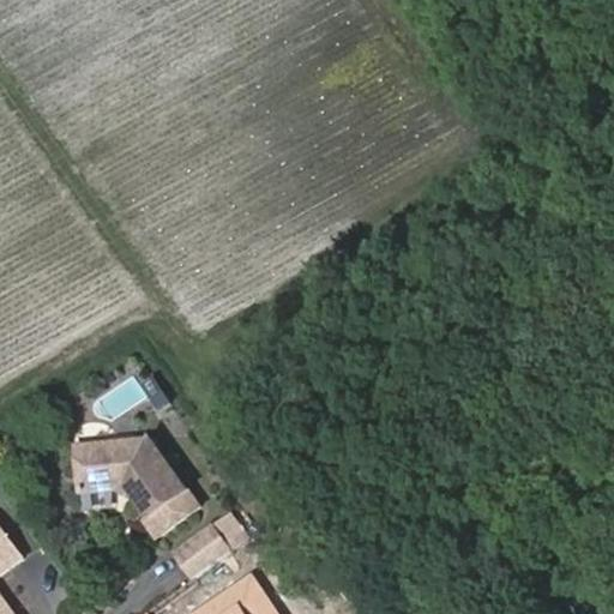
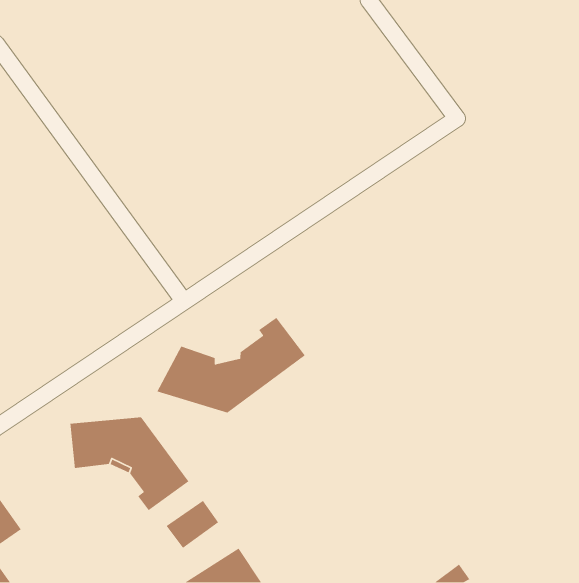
building: none -> [156,317,306,413]

